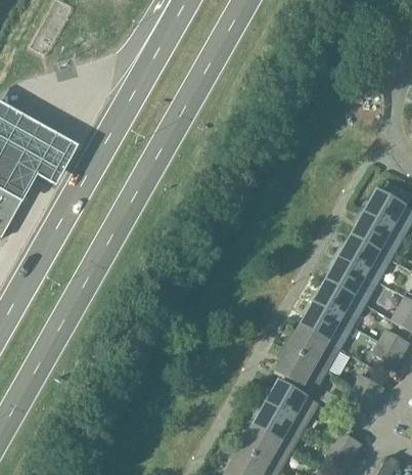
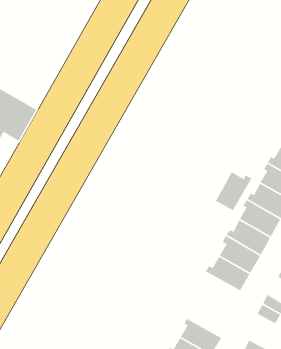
building: none -> [215,171,252,211]
building: [274,345,327,393] -> none
building: [261,381,318,427] -> none

